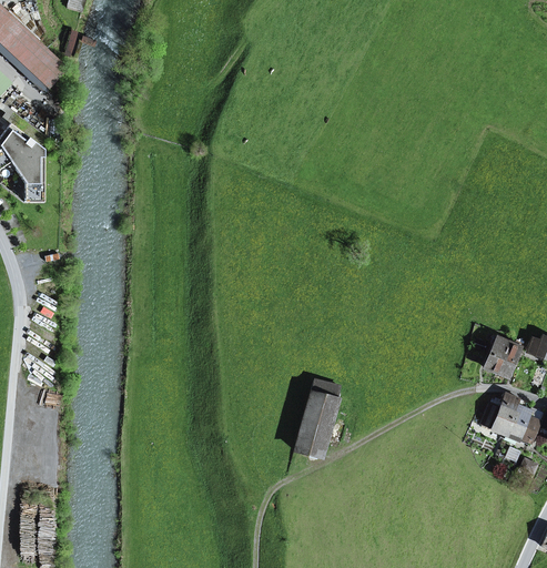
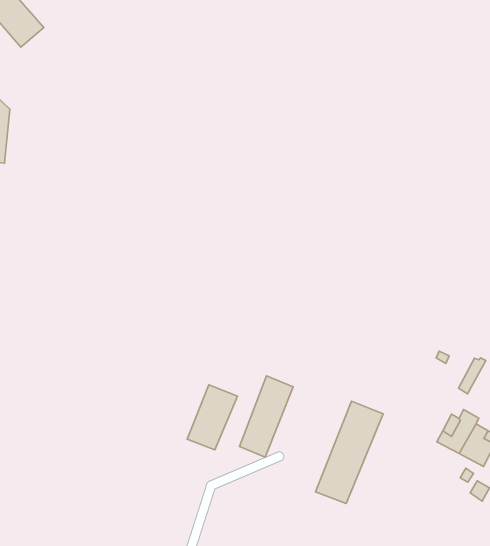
building: [485,336,509,373] -> none
building: none -> [187,385,237,450]
building: none -> [315,401,383,503]

